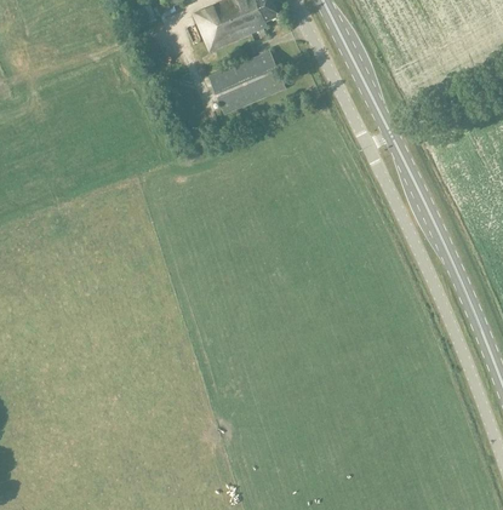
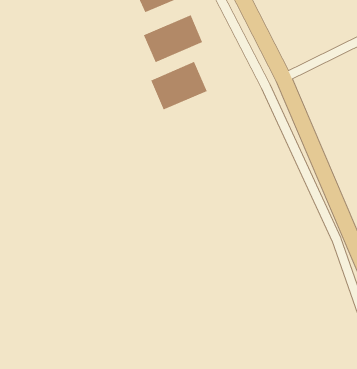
building: none -> [150,61,208,111]

